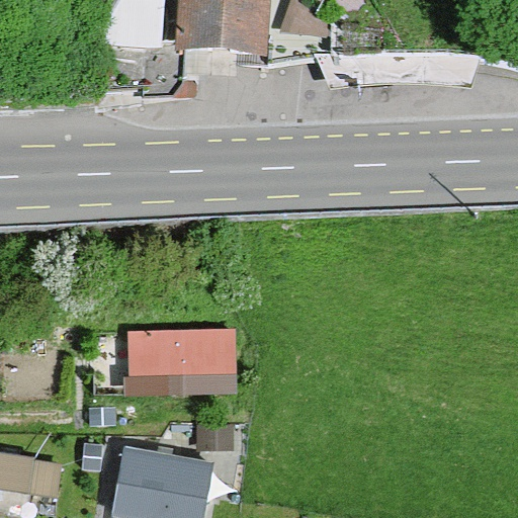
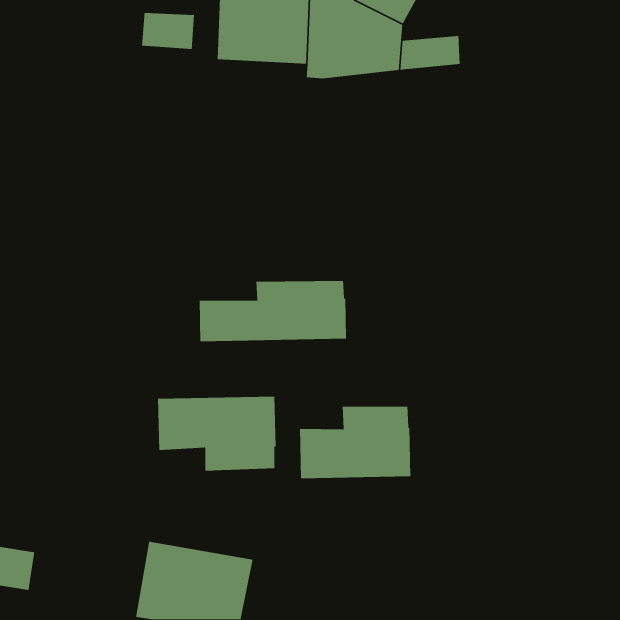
building: none -> [199,280,347,342]
building: none -> [299,406,411,479]

